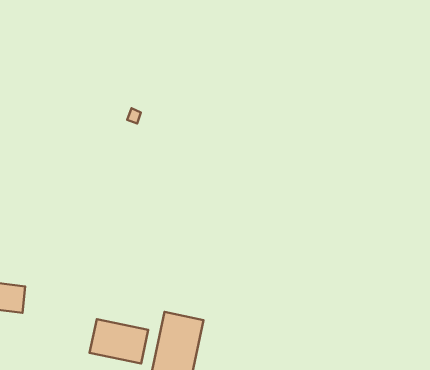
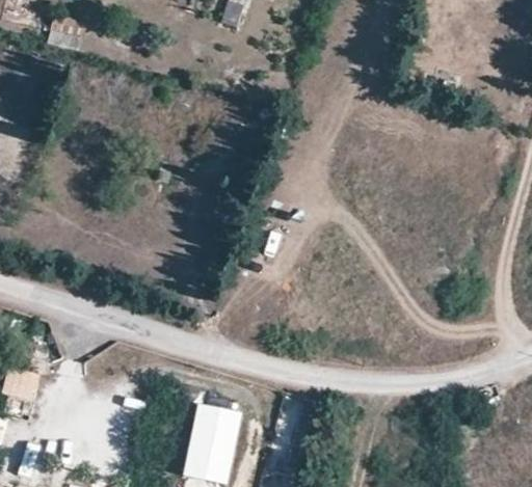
building: [90,319,148,364] -> none

